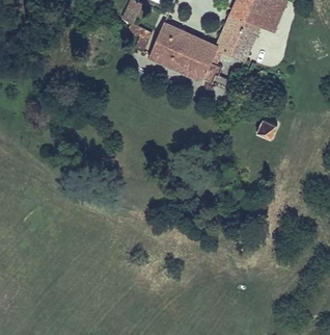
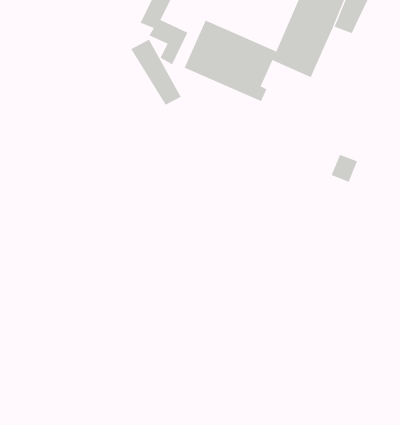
building: none -> [131,39,182,105]

